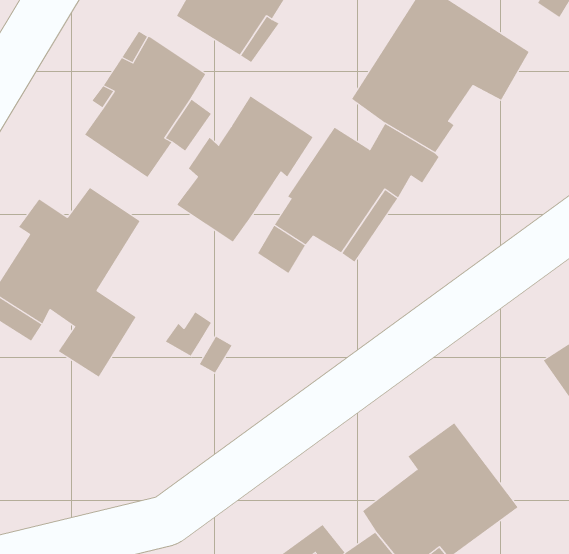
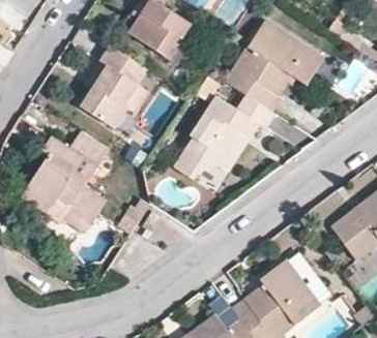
building: [177,95,314,243] -> none

